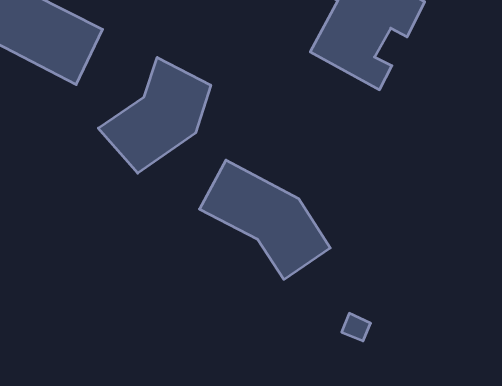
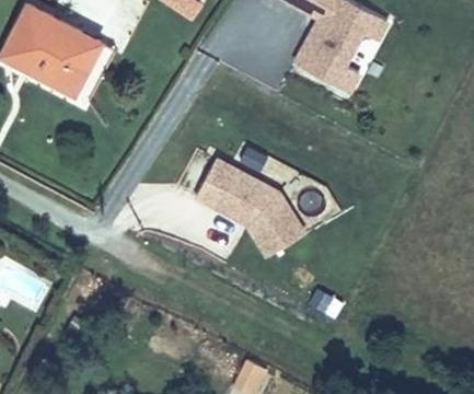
building: [98,57,211,173] -> none

